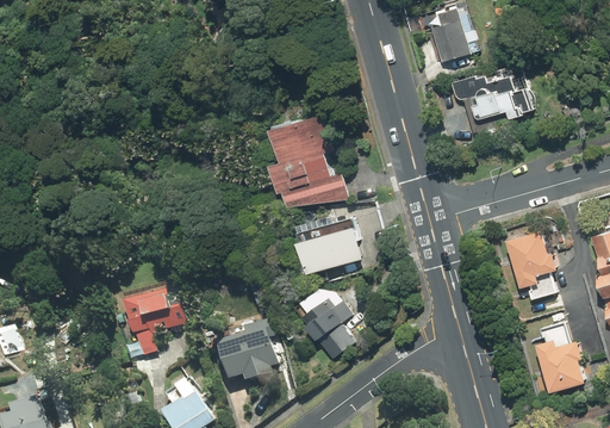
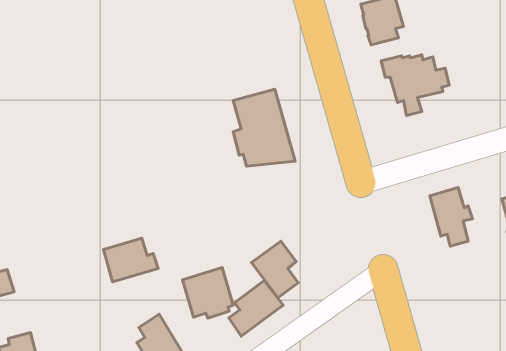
building: [300,224,361,272] -> none
building: [535,322,584,390] -> none
building: none -> [229,281,283,336]

